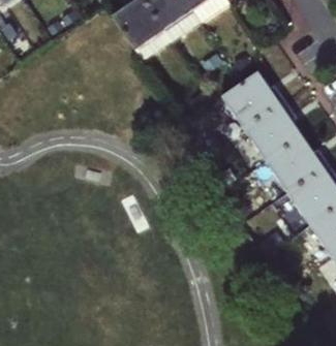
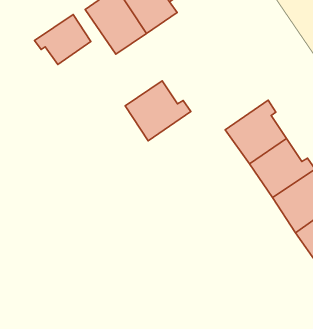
building: none -> [34,14,91,65]
building: [223,72,285,129] -> [125,81,191,141]

